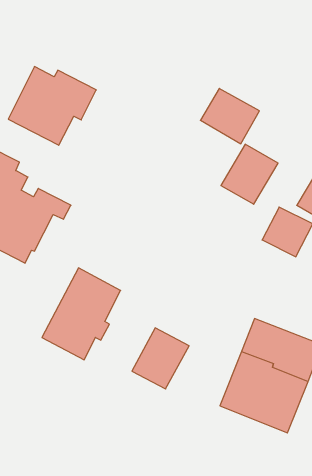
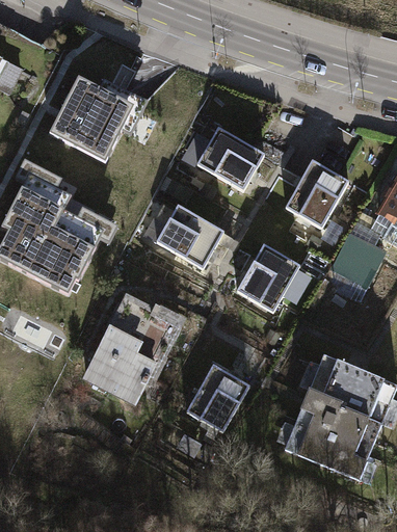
building: [200,88,259,144] -> [197,129,263,190]
building: none -> [153,203,233,269]
building: none -> [237,244,299,311]

